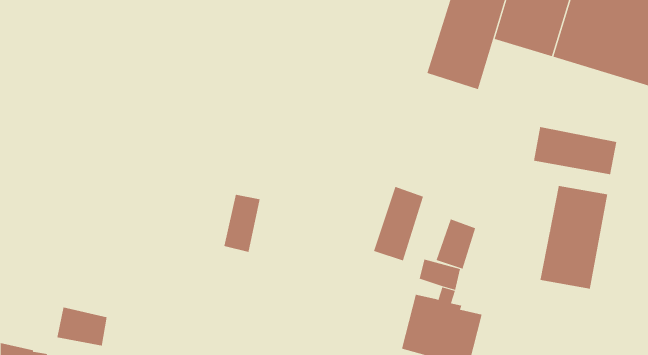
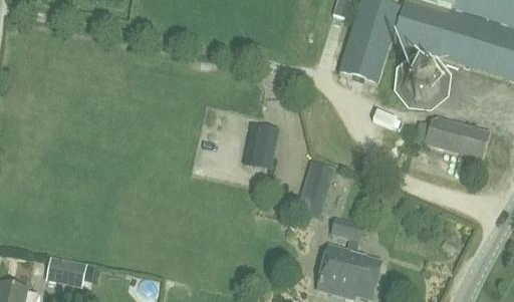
building: none -> [396,56,448,109]
building: [540,185,608,290] -> none
building: [224,194,261,252] -> [250,122,279,169]
building: [436,218,476,269] -> none

